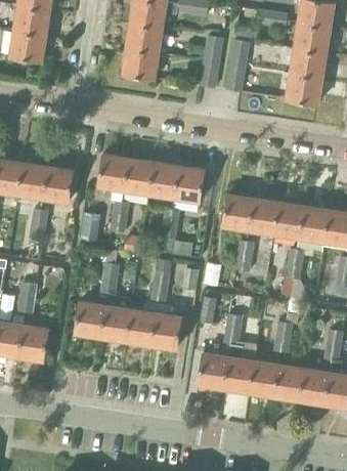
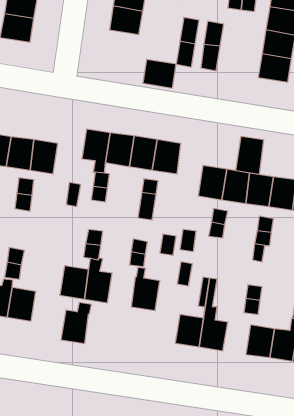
building: [123,48,159,79] -> [143,59,176,88]
building: none -> [236,136,264,174]
building: [125,301,158,345] -> [61,302,91,344]
building: [249,361,278,396] -> none

